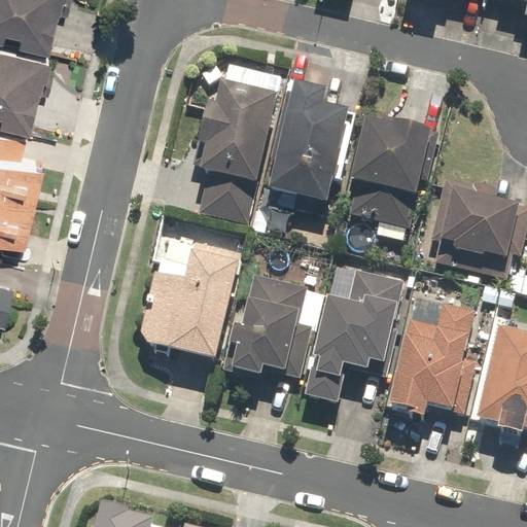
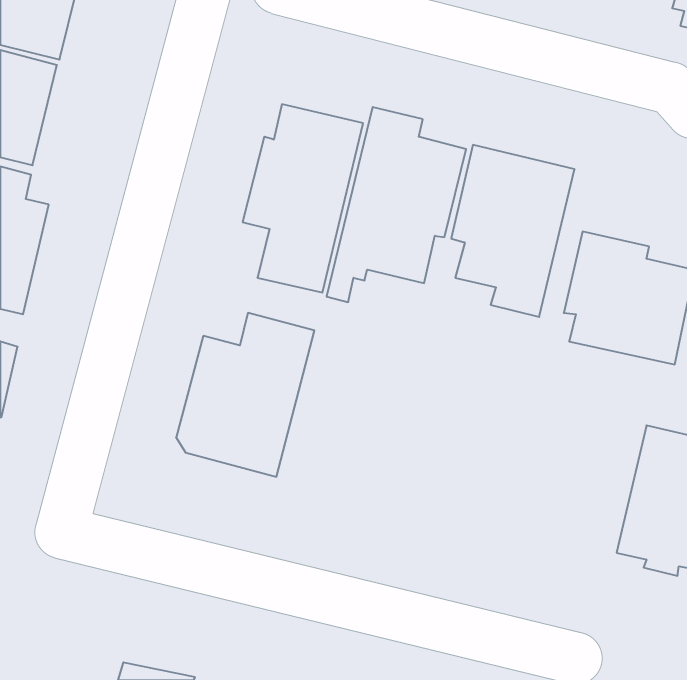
building: [302,260,406,403] -> none
building: [219,270,322,388] -> none
building: [385,294,480,419] -> none

